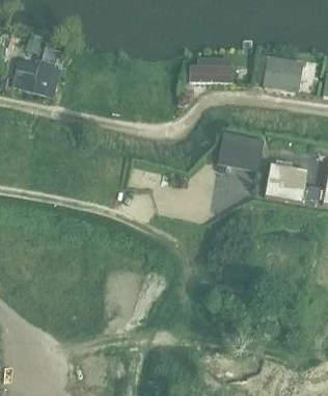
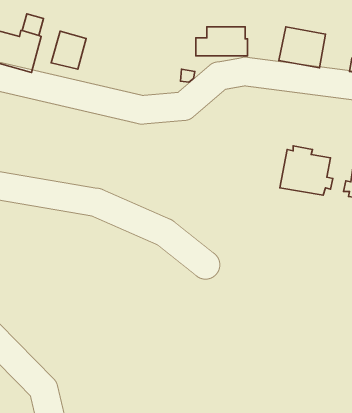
building: none -> [51,31,86,69]
building: [218,133,264,171] -> none

